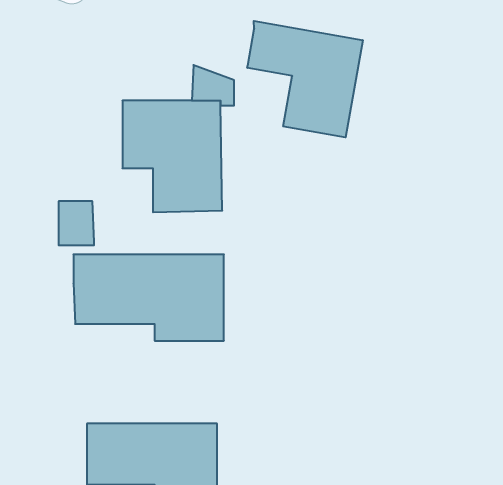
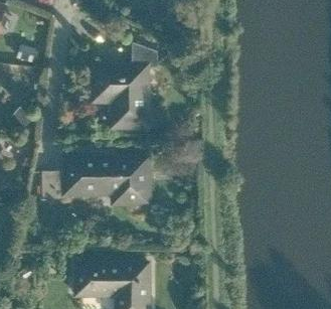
building: [247,21,363,137] -> none
building: [59,201,94,245] -> [43,175,64,201]

